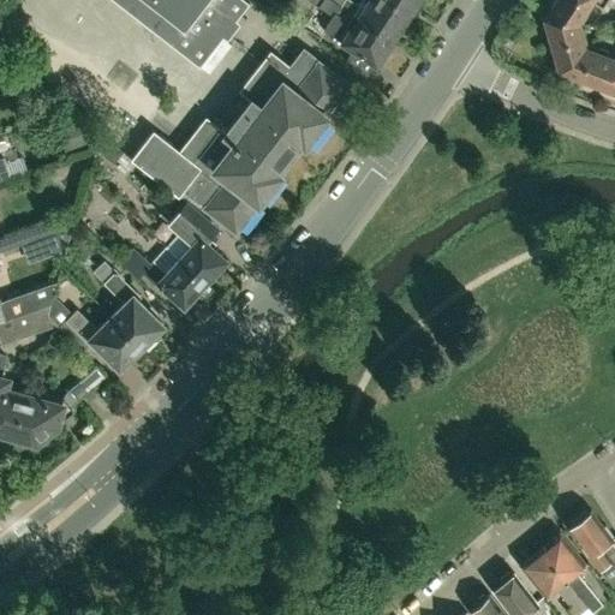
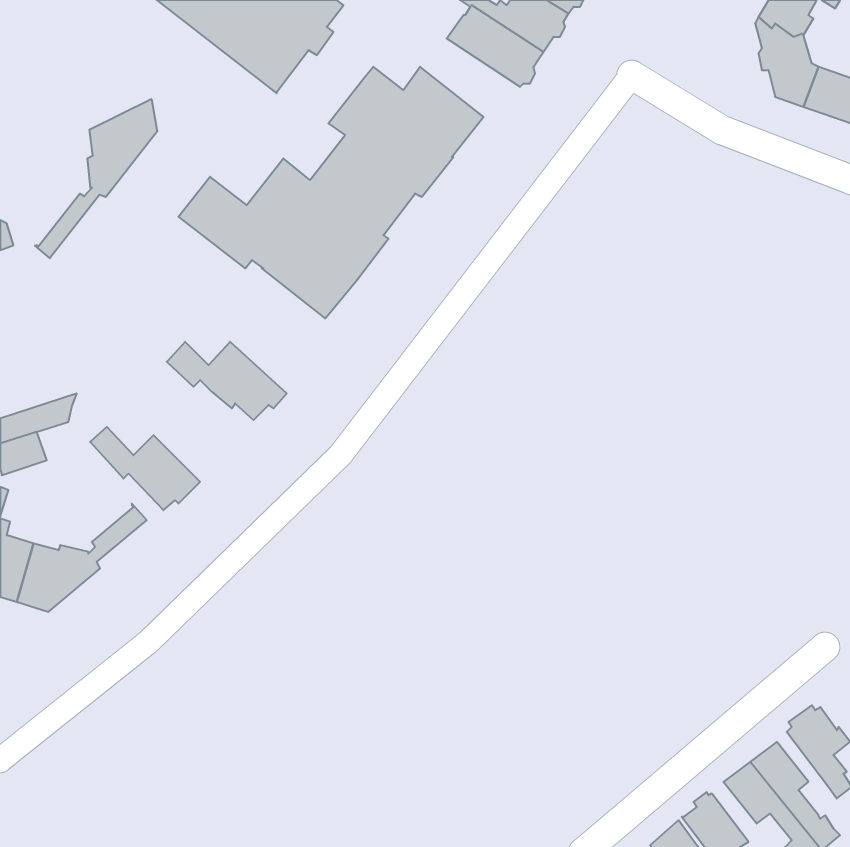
building: none -> [35,99,157,258]
building: [166,204,226,287] -> none
building: [106,274,165,351] -> none

